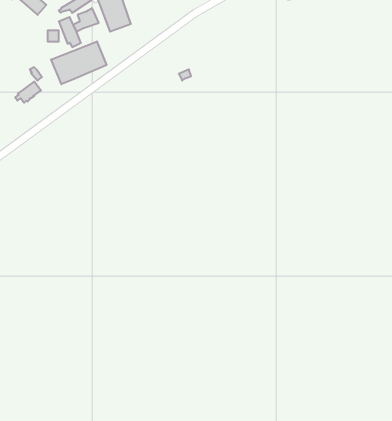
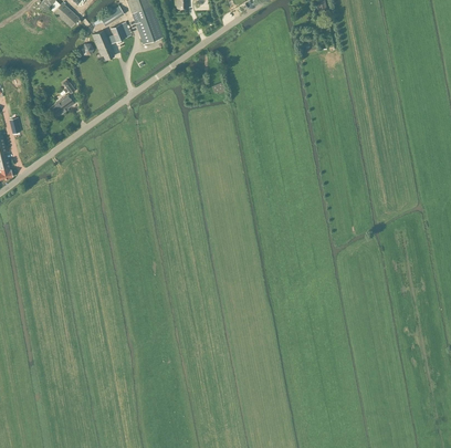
building: [51,41,106,84] -> none

